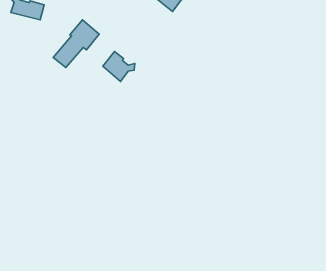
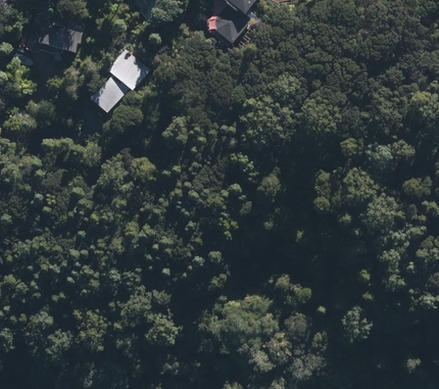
building: [103,52,135,81] -> none

